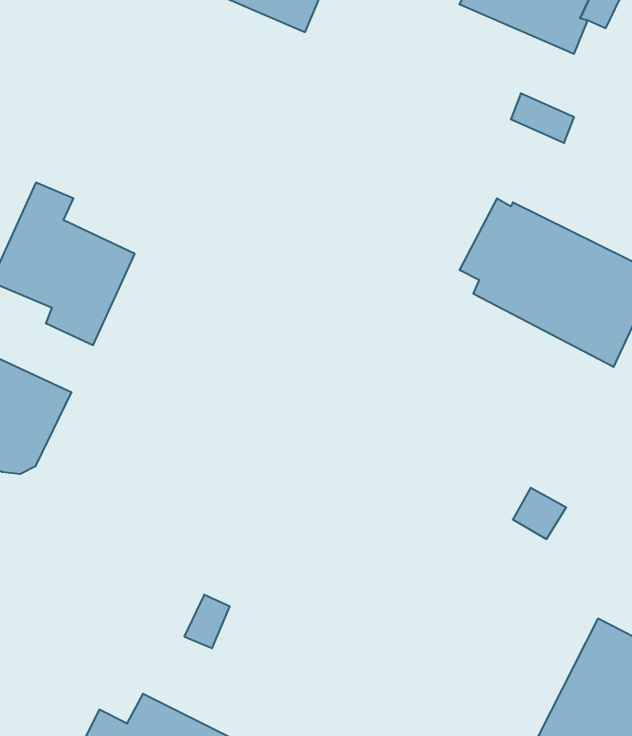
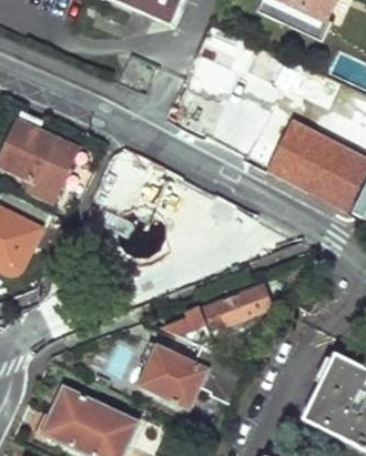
building: none -> [189,284,271,342]
building: none -> [135,343,246,407]

